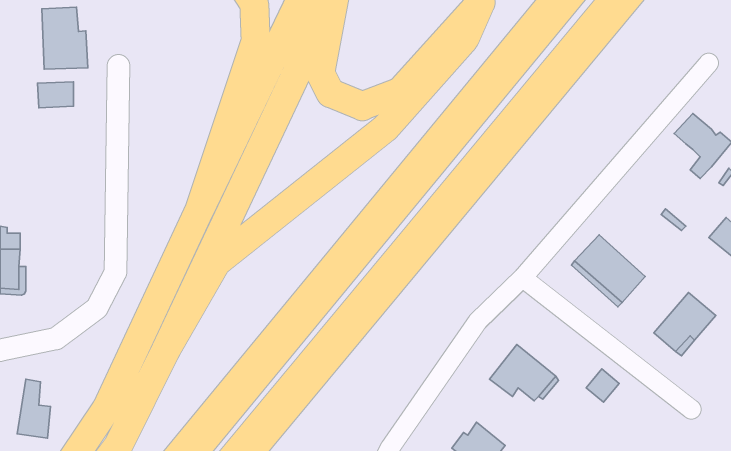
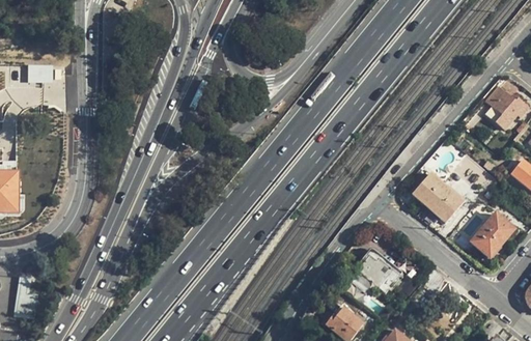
building: [42,7,88,69] -> none

